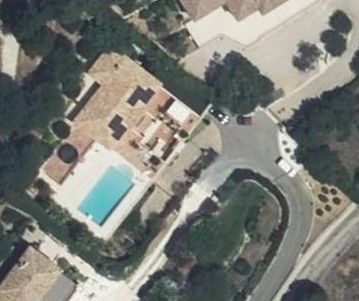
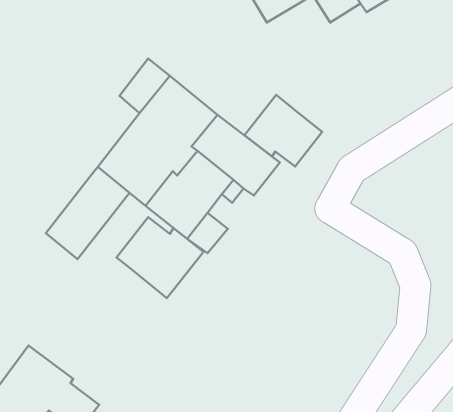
building: none -> [245,95,322,167]
building: none -> [116,217,204,298]

